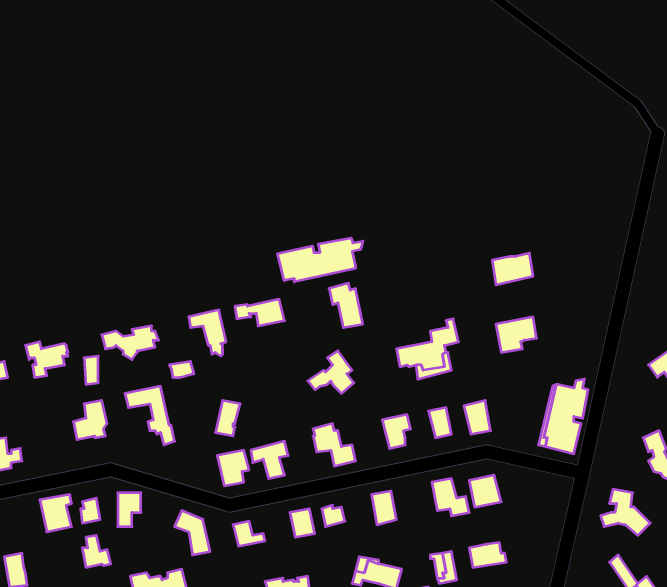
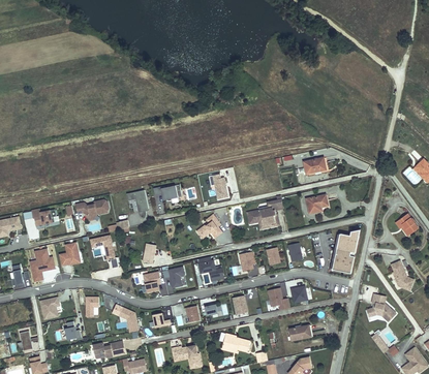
building: [278,238,363,282] -> none
building: none -> [28,248,54,282]

